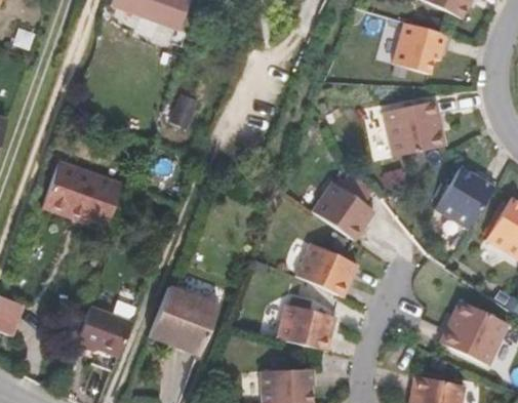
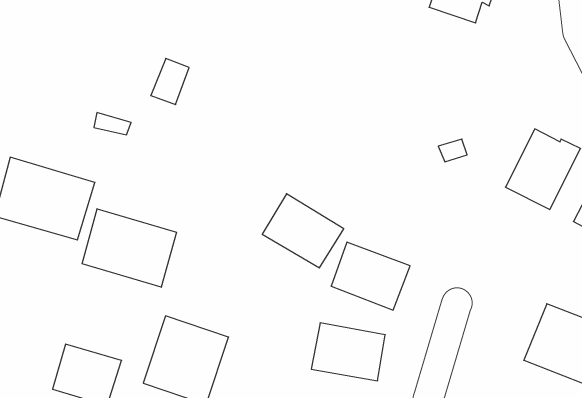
building: [385,97,448,158] -> none
building: [313,180,375,239] -> [262,194,344,268]
building: none -> [82,209,176,287]

